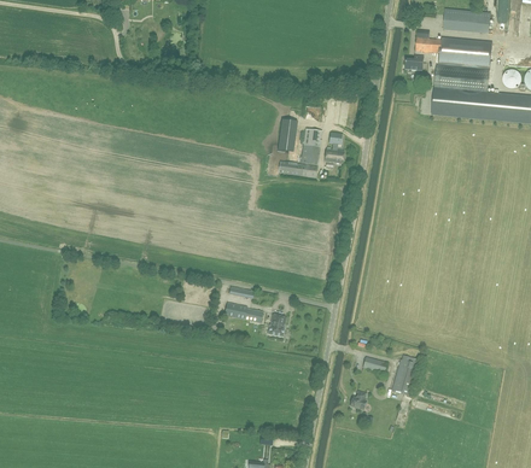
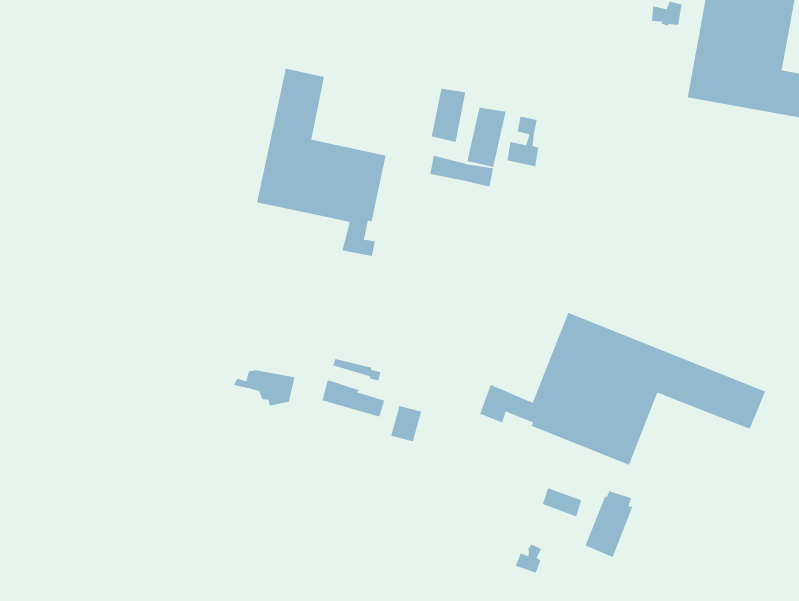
building: none -> [256,68,387,257]
building: none -> [479,312,766,466]

